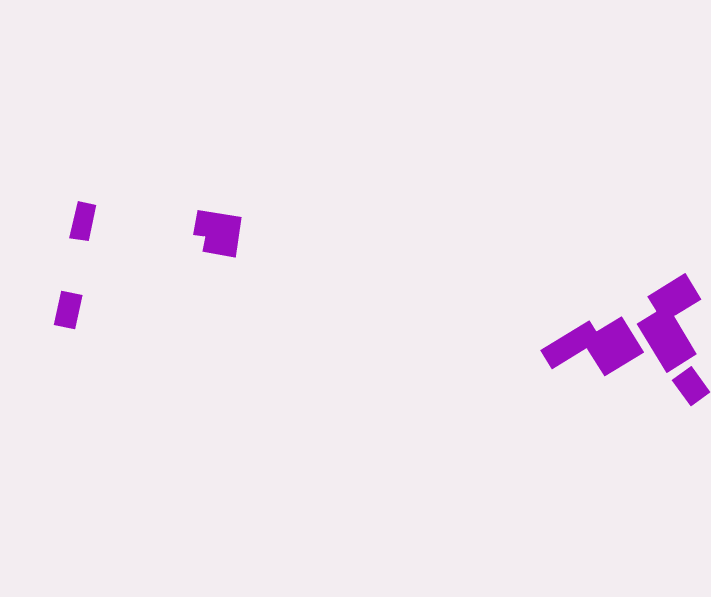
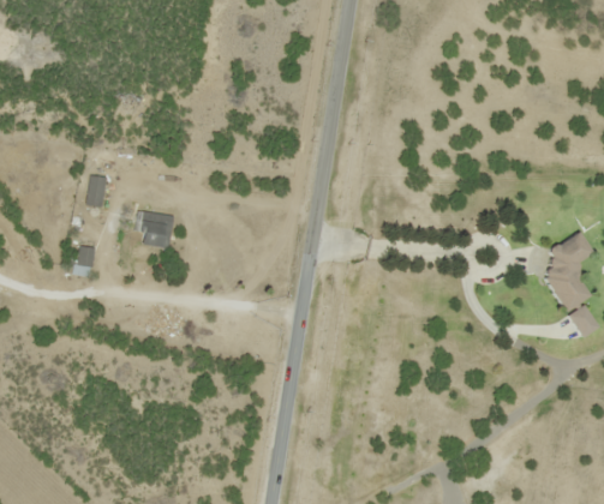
building: [192,209,242,258] -> [140,211,180,250]
building: [539,315,645,377] -> none

